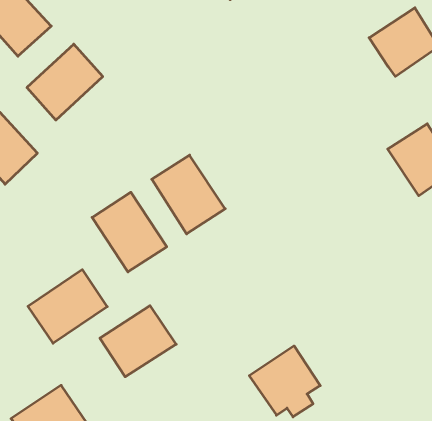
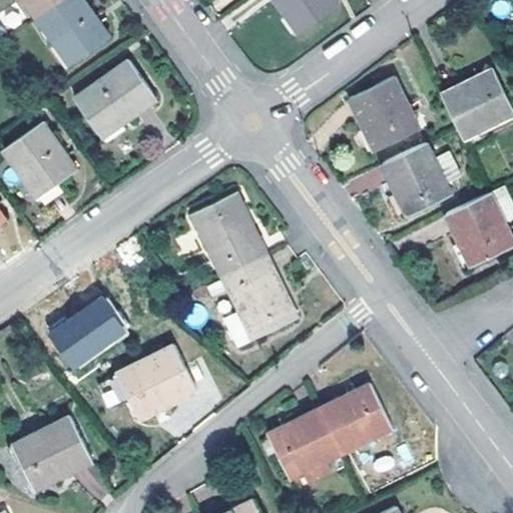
building: none -> [349,77,418,150]
building: none -> [382,143,450,215]
building: [92,192,167,272] -> [221,254,296,338]
building: none -> [319,383,392,453]

